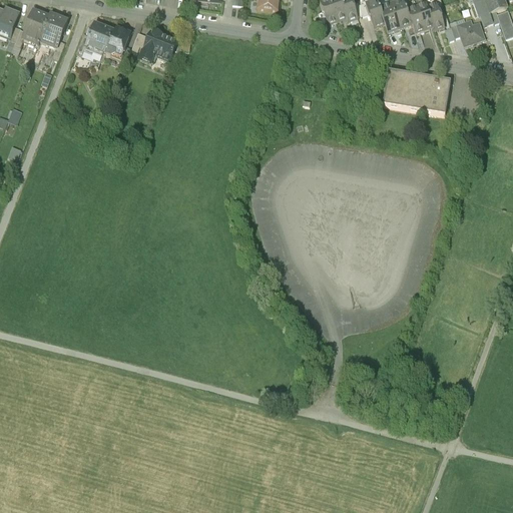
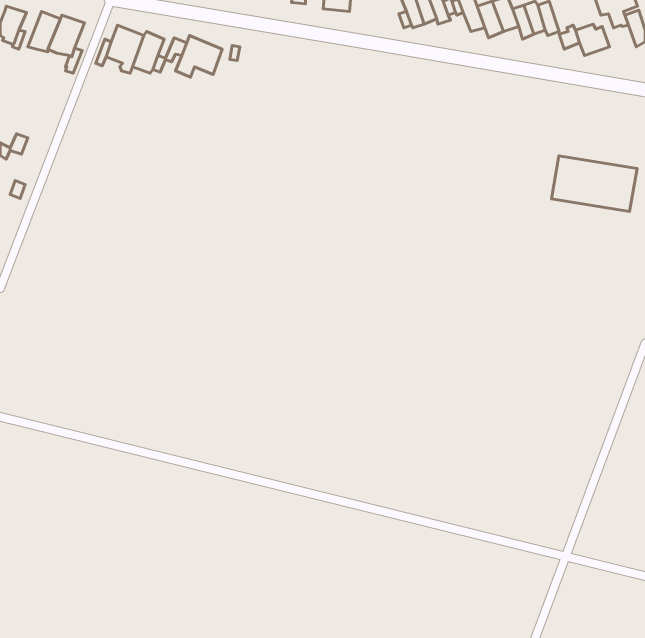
building: [382,70,450,114] -> [551,156,637,212]

